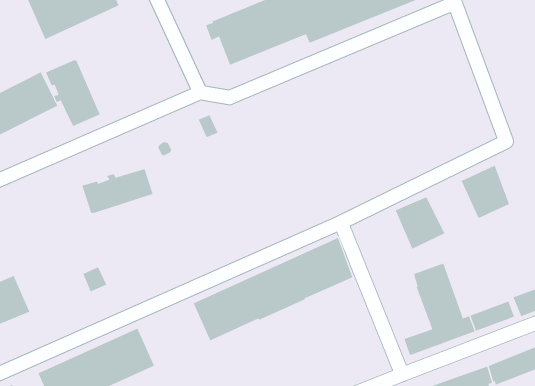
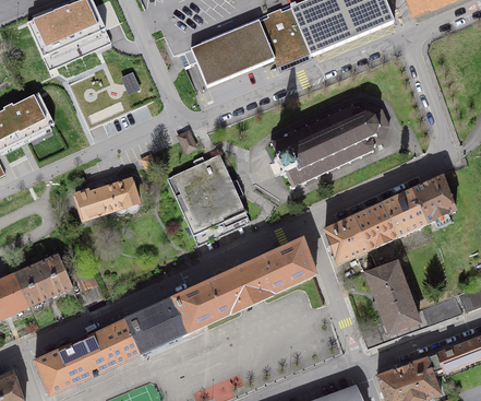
building: [45,59,101,127] -> none
building: none -> [270,103,388,188]
building: none -> [167,154,248,240]
building: none -> [382,189,428,236]
building: none -> [325,215,369,264]
building: none -> [14,253,72,306]
building: none -> [124,298,189,354]

